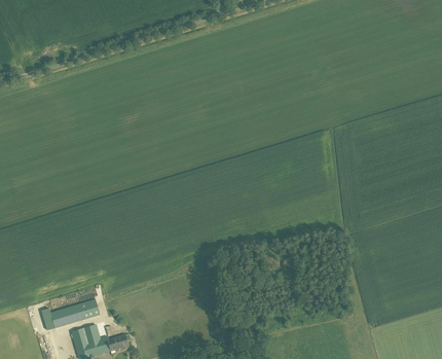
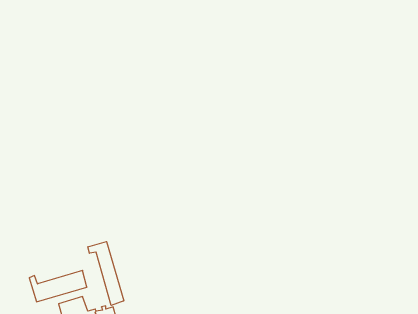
building: none -> [88,242,124,305]

